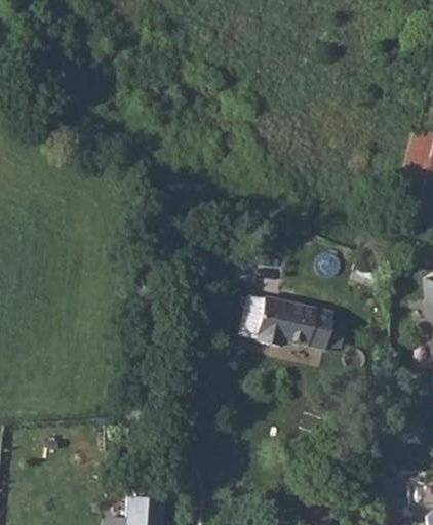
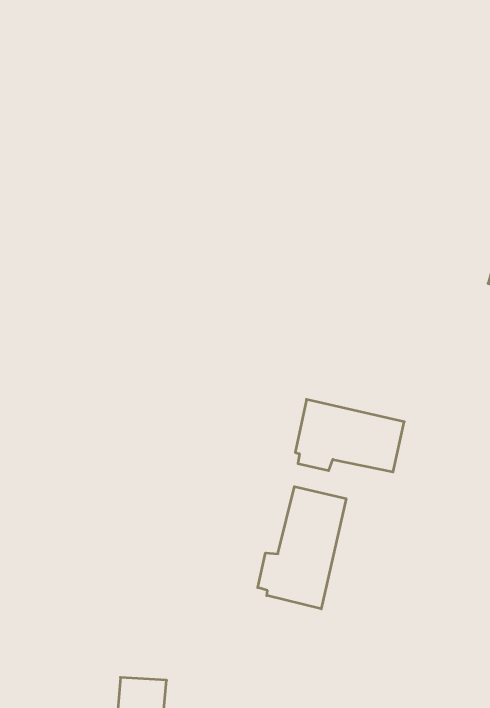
building: none -> [258,487,346,609]

